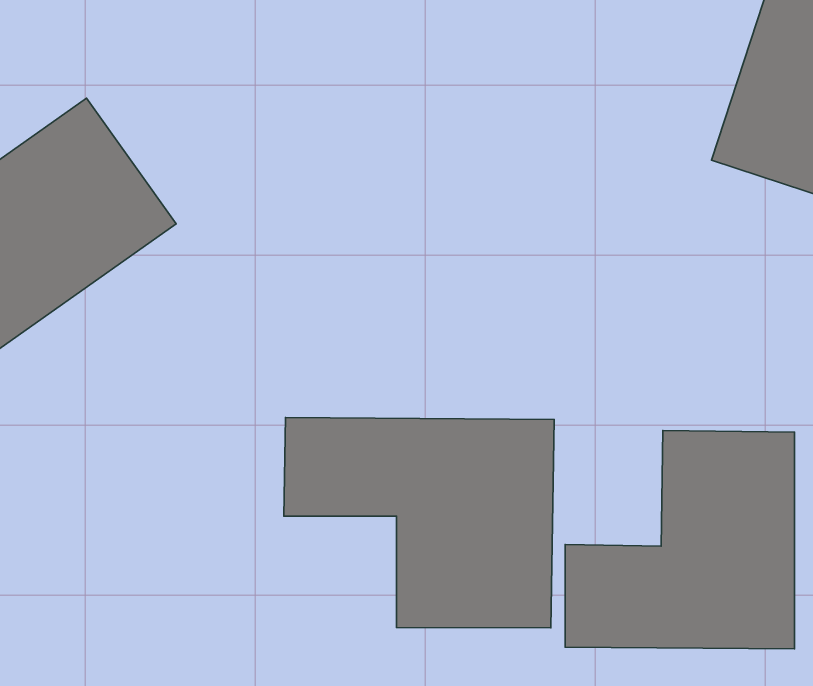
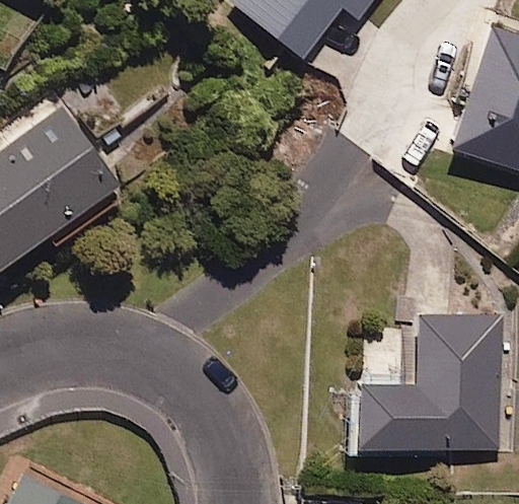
building: [284,417,554,628] -> none

